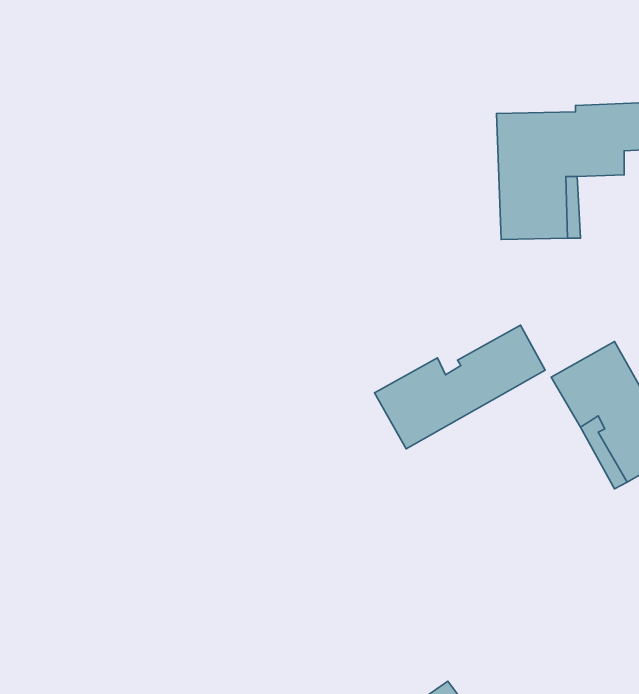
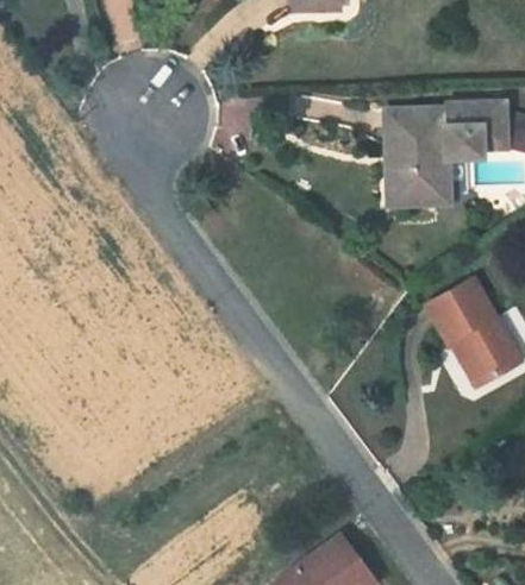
building: [374,325,545,449] -> none

